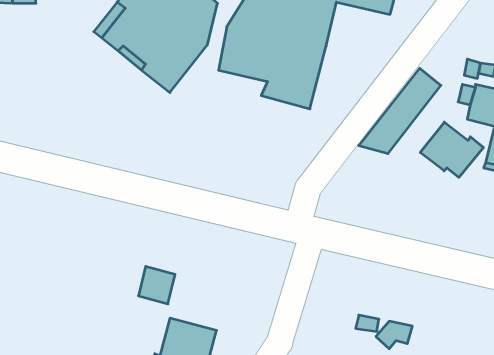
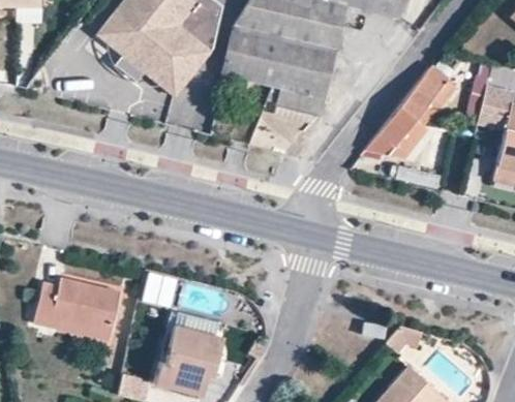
building: [420,122,483,177] -> none
building: none -> [34,278,120,341]

